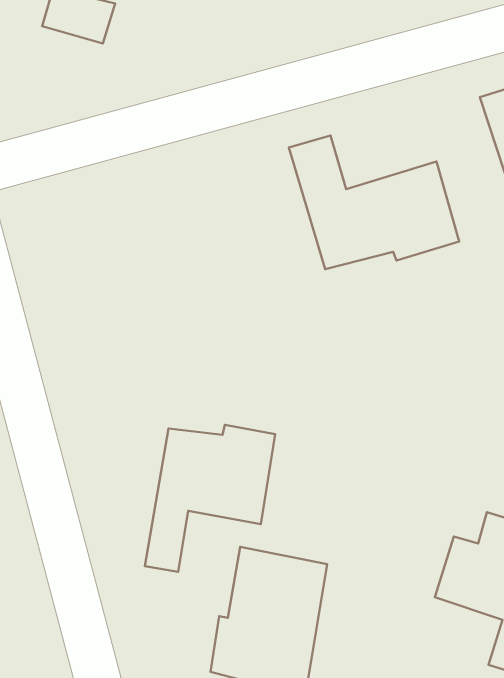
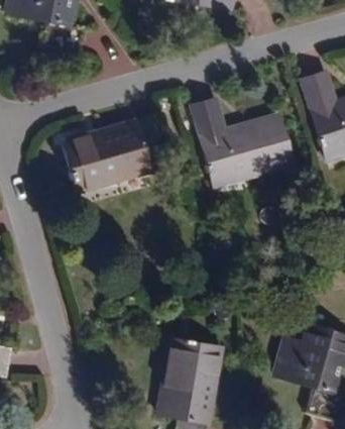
building: none -> [62,118,170,189]
building: [145,425,275,572] -> none

